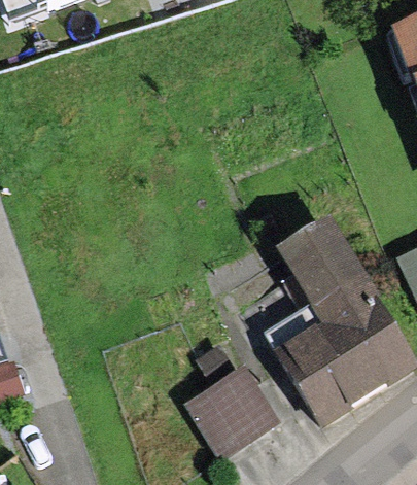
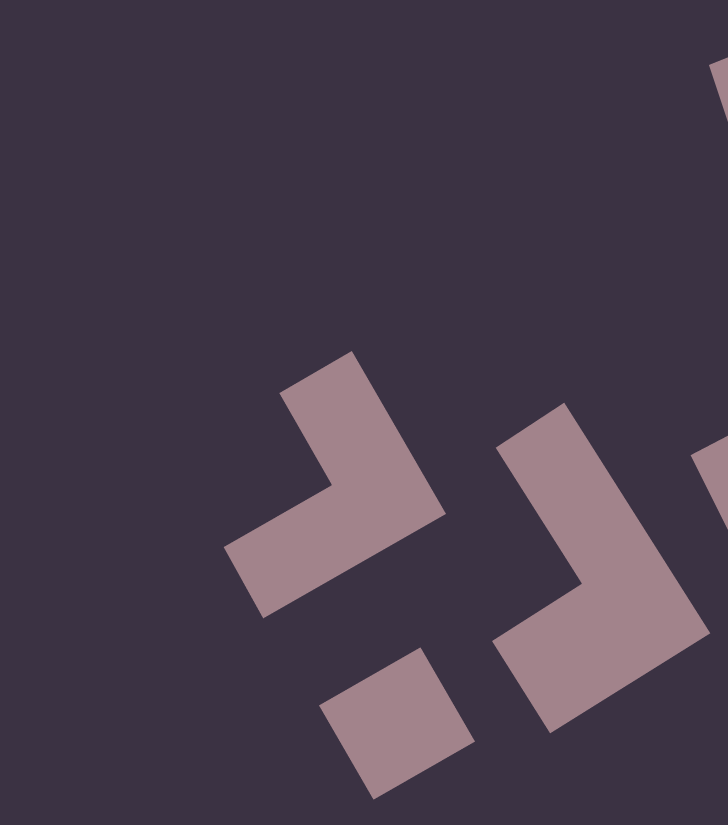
building: none -> [223,350,447,620]

